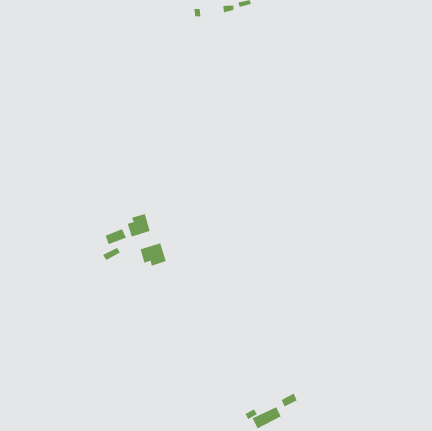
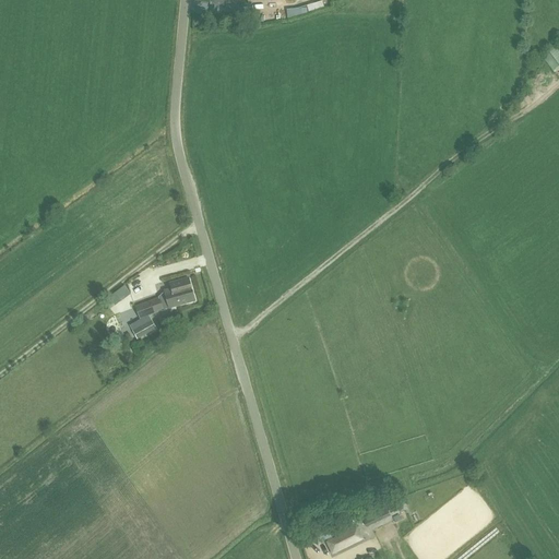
building: [140,243,167,266] -> none

